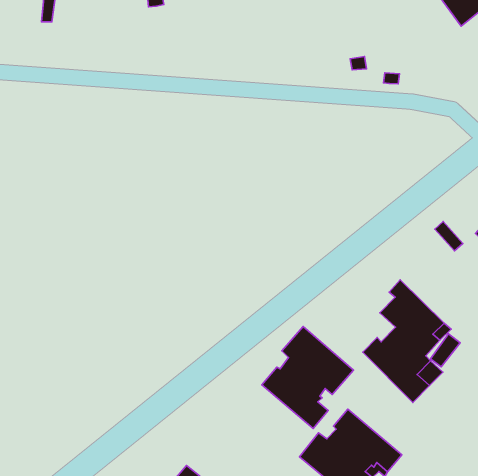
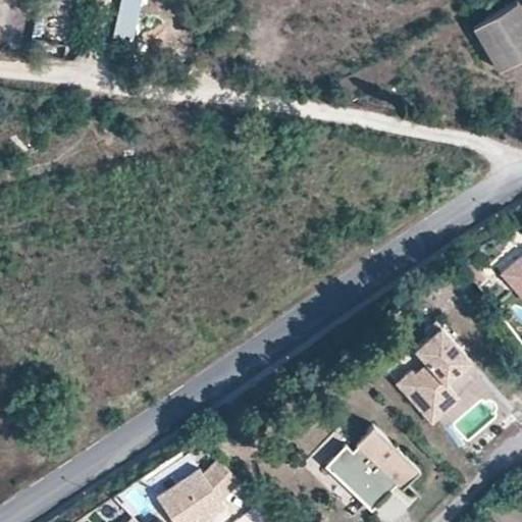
building: [262,326,354,428] -> none

